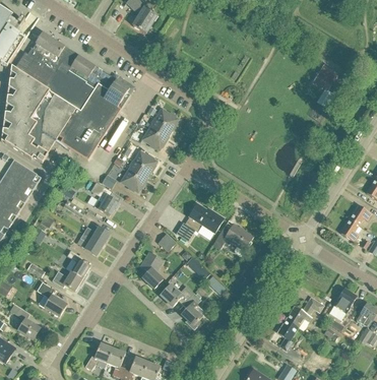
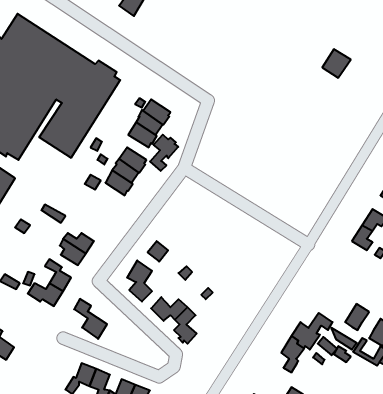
building: none -> [150,135,178,171]
building: [91,182,118,215] -> none
building: [184,201,225,233] -> none
building: [212,224,253,255] -> none
building: [38,281,67,317] -> [74,299,107,339]

